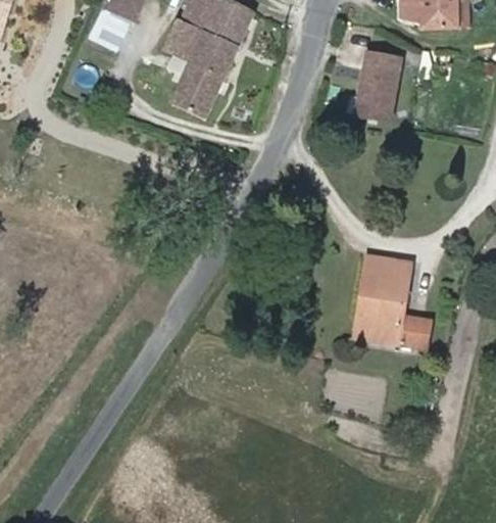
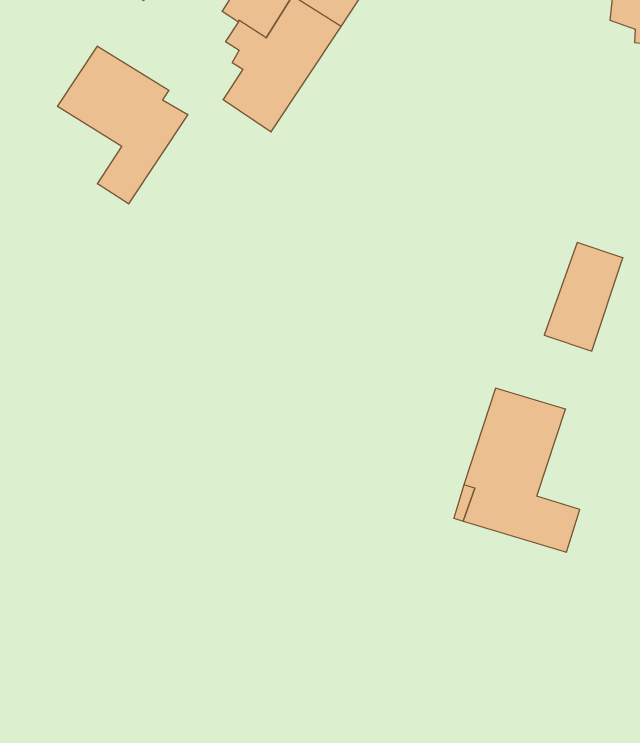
building: [354,52,395,117] -> [544,242,623,351]
building: none -> [58,46,188,204]

